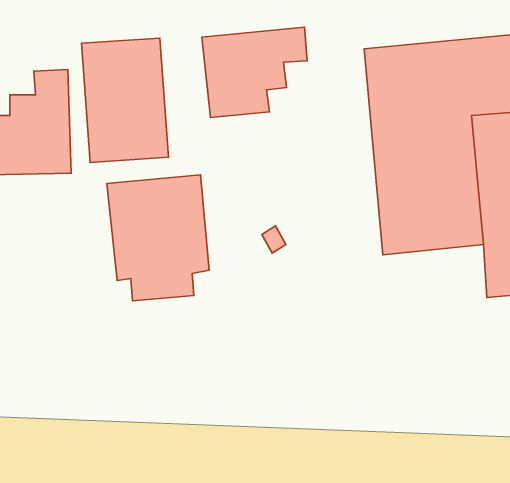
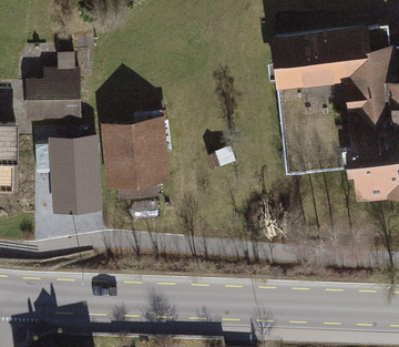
building: [202,27,307,118] -> none
building: [81,38,168,162] -> [50,135,106,216]

